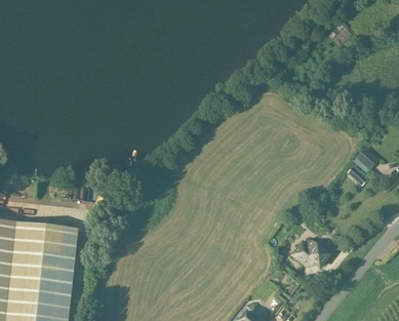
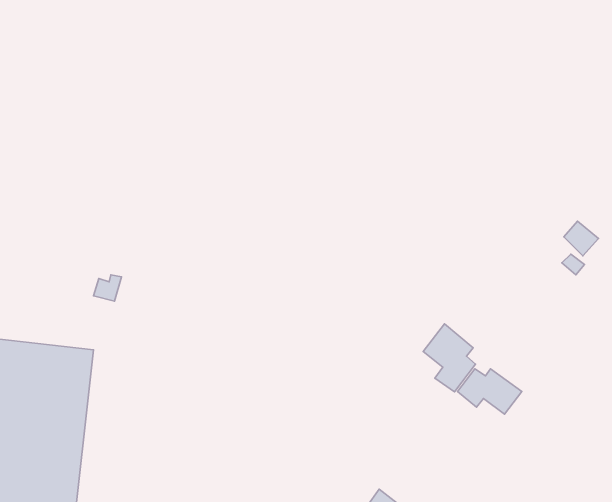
building: none -> [423,324,476,392]

